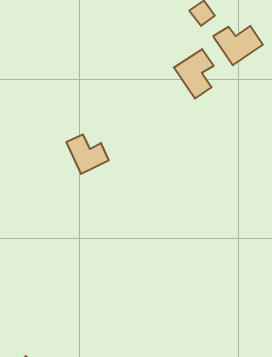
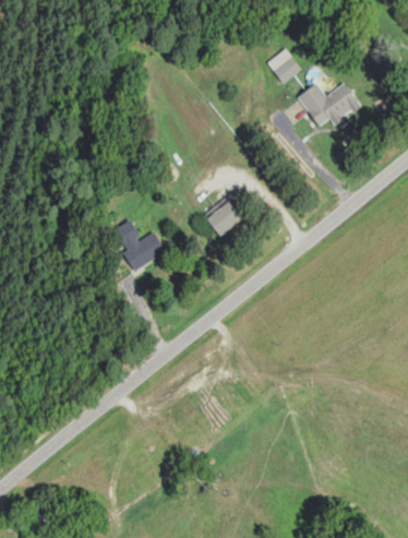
building: [174,49,214,99] -> none
building: none -> [207,200,244,236]

